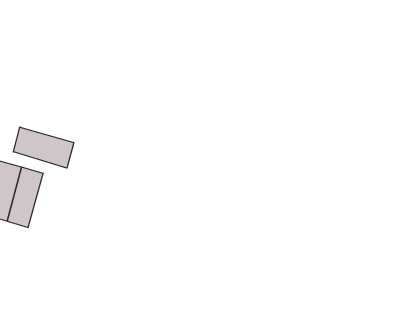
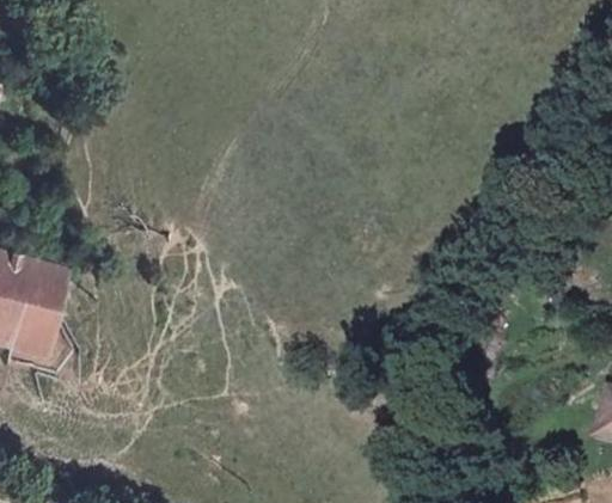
building: [13,127,74,168] -> none

